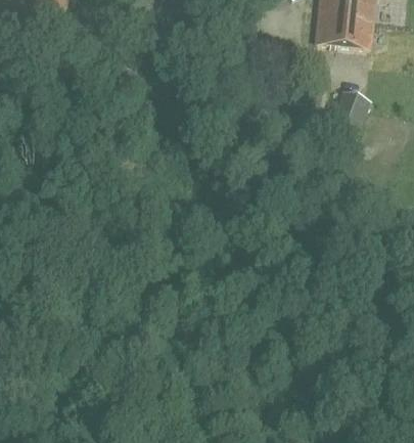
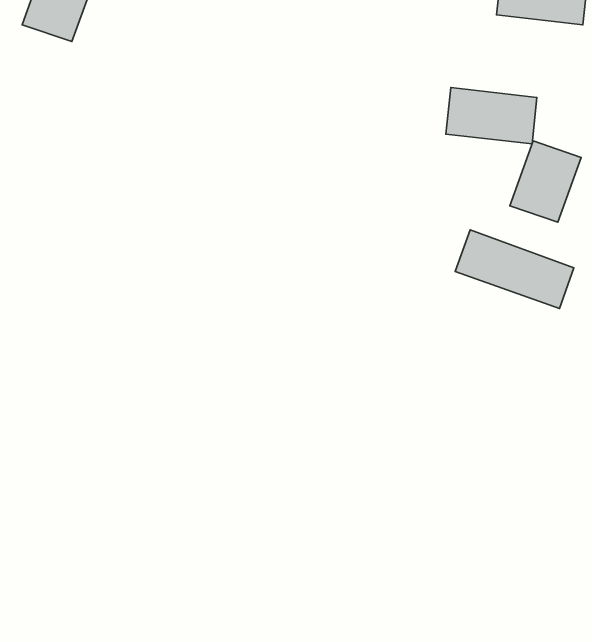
building: [317,10,373,45] -> [446,88,537,144]
building: none -> [455,230,574,308]

